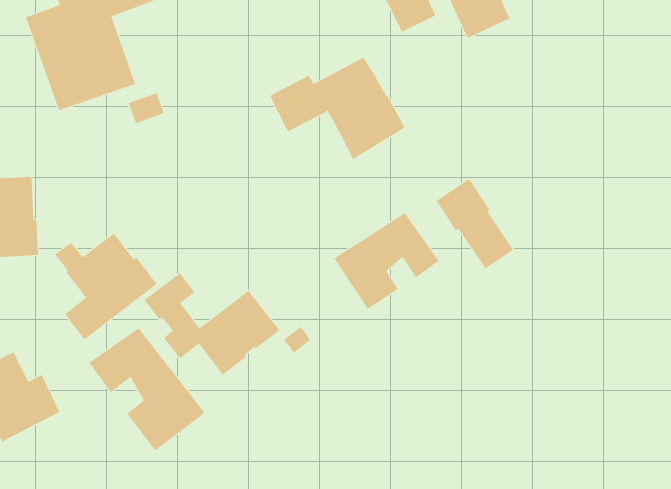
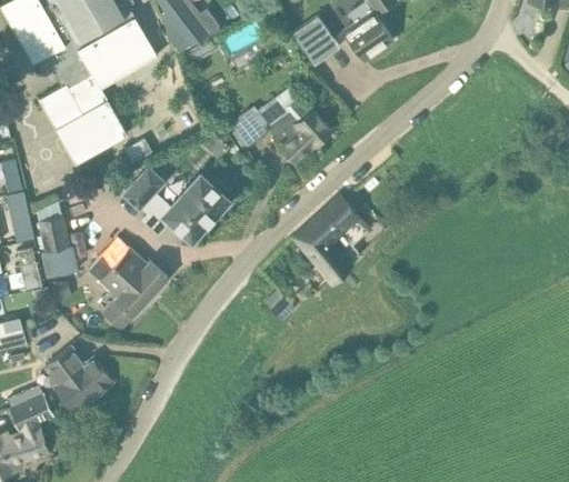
building: [436,178,514,269] -> none
building: [144,273,280,375] -> [124,169,228,239]
building: [89,328,205,451] -> none

